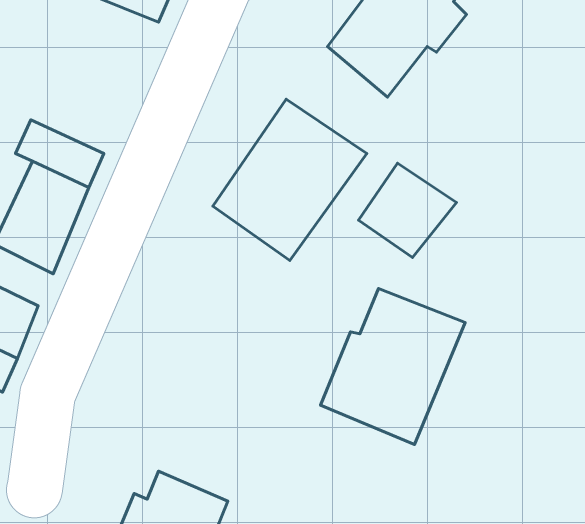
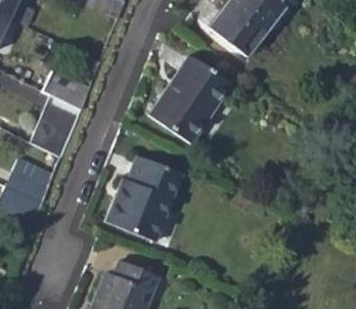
building: [359,163,457,258] -> none
building: [320,289,465,445] -> [106,158,185,242]

